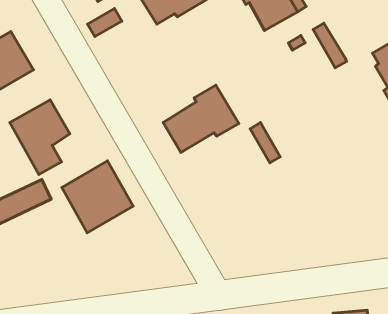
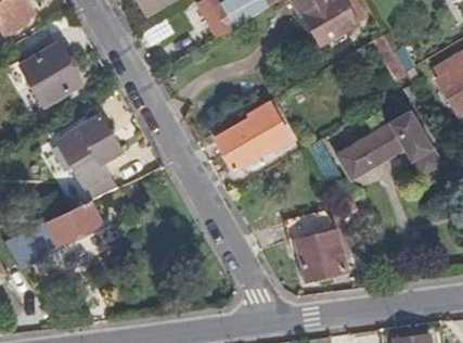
building: none -> [340,110,443,178]
building: [62,161,133,233] -> none
building: none -> [284,212,347,280]

